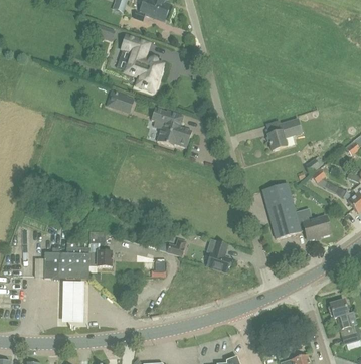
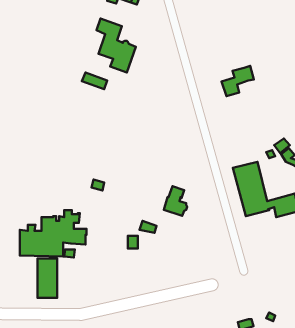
building: [151,107,192,146] -> none
building: [268,118,302,149] -> [222,66,254,96]
building: [207,240,231,270] -> [164,186,187,216]

